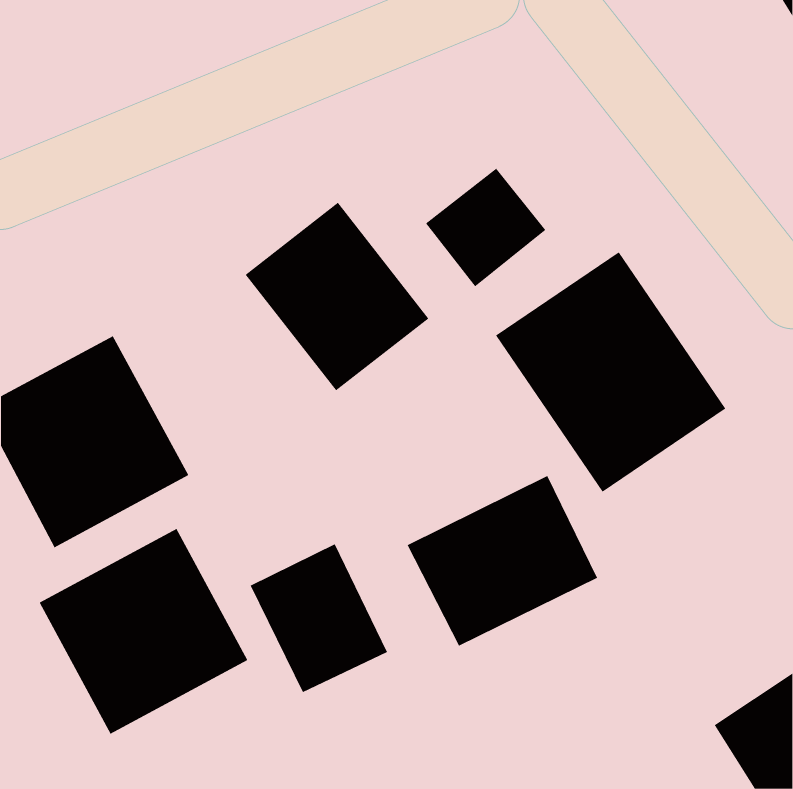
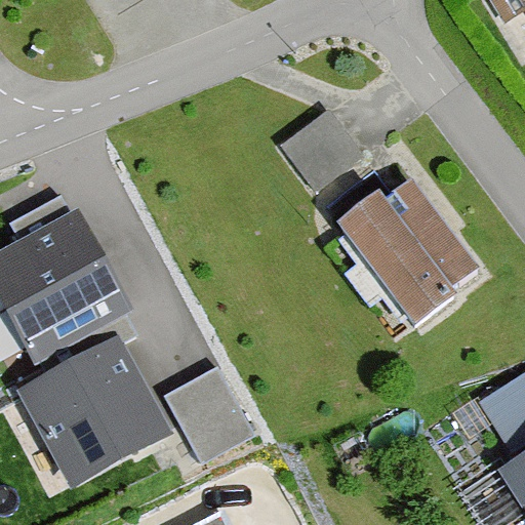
building: [245,202,429,391] -> none
building: [407,475,598,646] -> none

